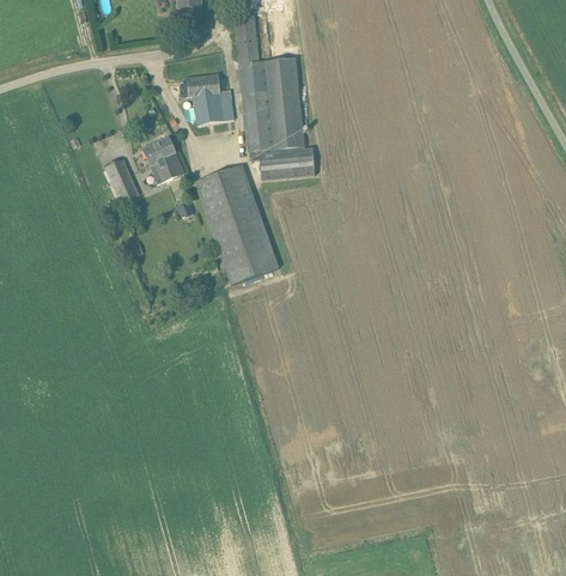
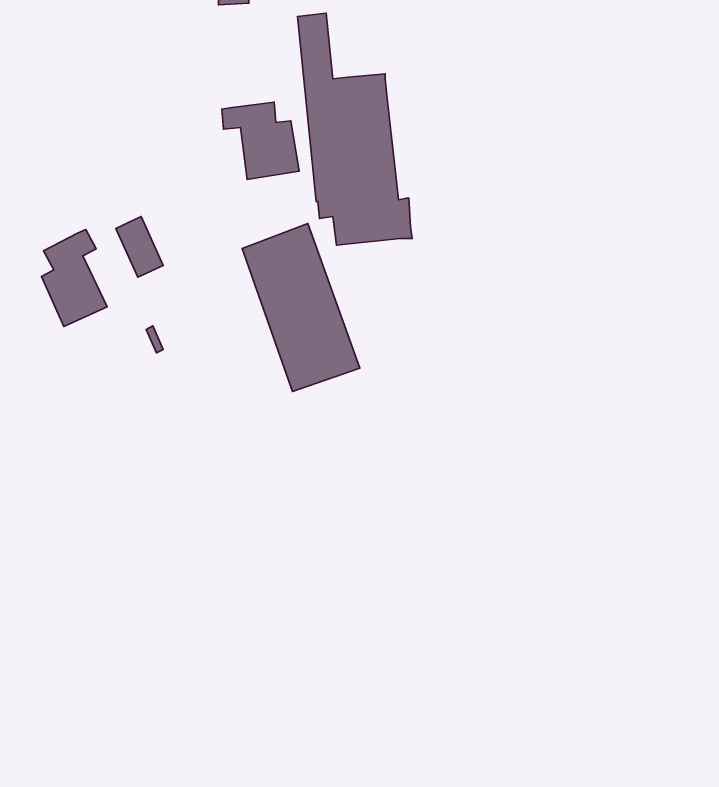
building: [142,138,183,182] -> none
building: none -> [42,230,107,326]

